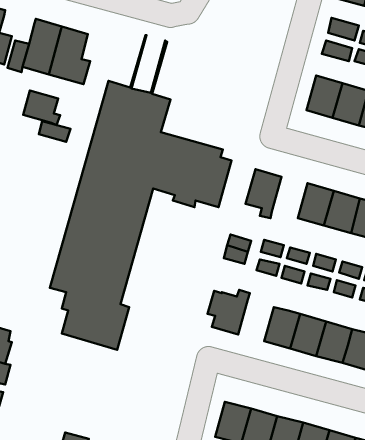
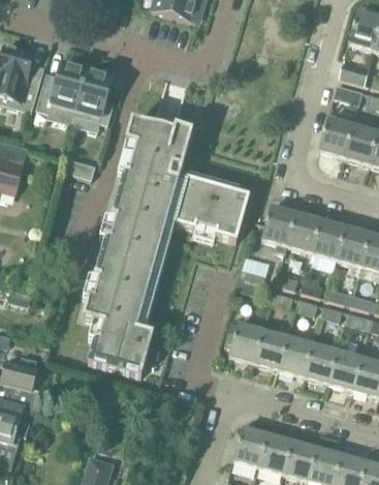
building: [23,91,60,125] -> none
building: none -> [287,213,321,252]
building: none -> [255,330,289,369]

